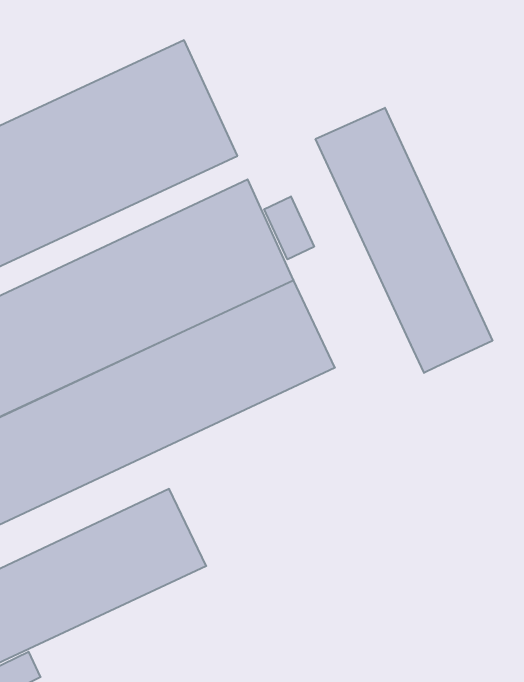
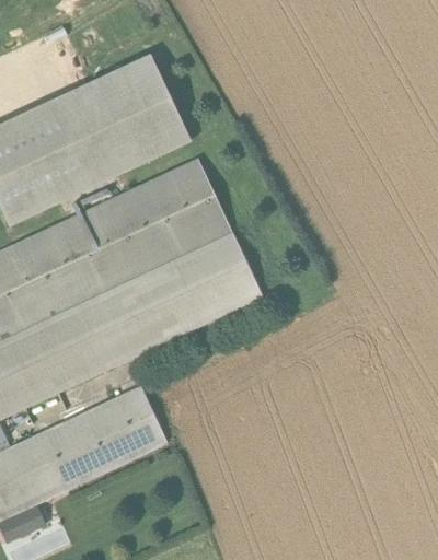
building: [316,108,492,373] -> none
building: [264,196,314,259] -> none

